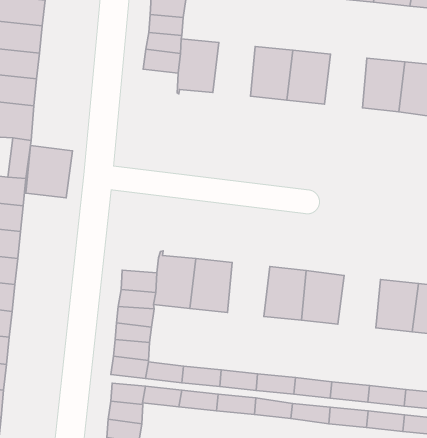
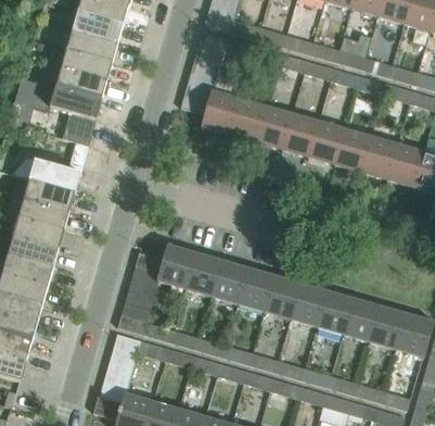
building: none -> [228,97,265,140]
building: none -> [308,120,345,163]
building: [26,145,73,198] -> none
building: none -> [210,260,247,303]
building: none -> [290,284,327,326]

